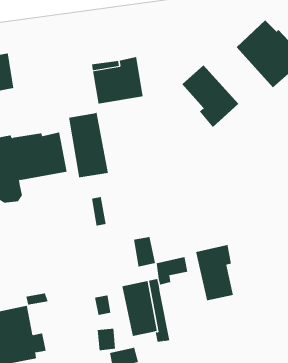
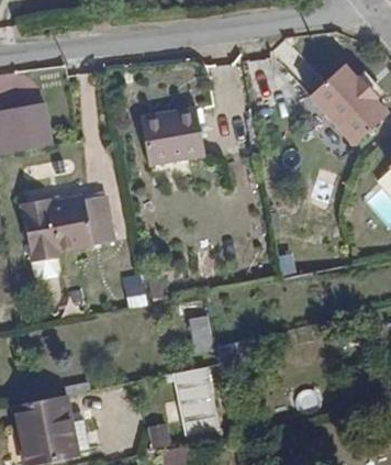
building: [181,65,239,128] -> none
building: [68,112,109,178] -> none
building: [195,244,234,301] -> none

